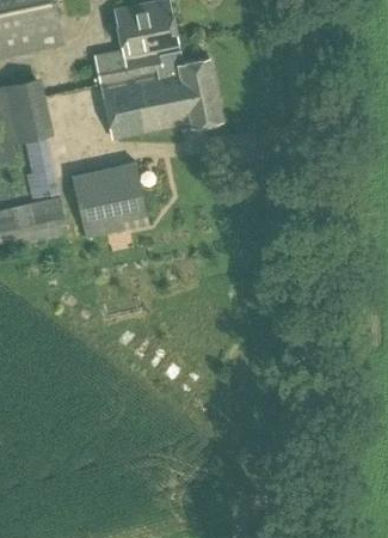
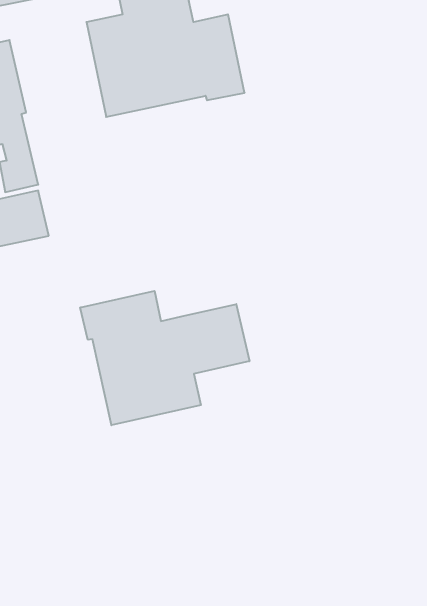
building: [73,164,148,234] -> none
building: none -> [80,291,249,425]

